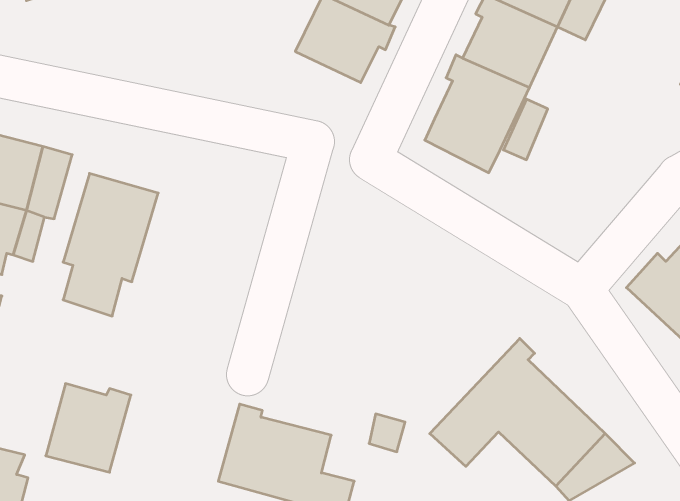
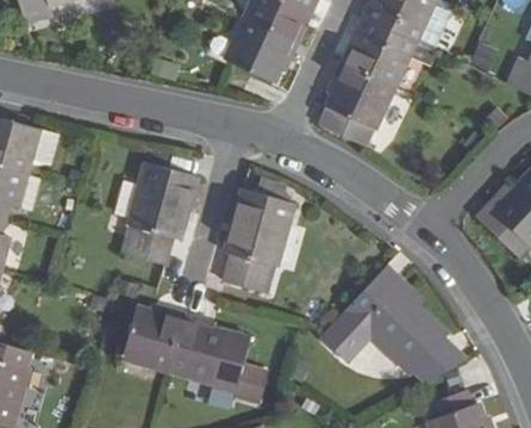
building: [63,173,158,316] -> [125,163,194,267]
building: none -> [221,190,291,293]
building: [46,384,131,472] -> [120,306,182,371]

